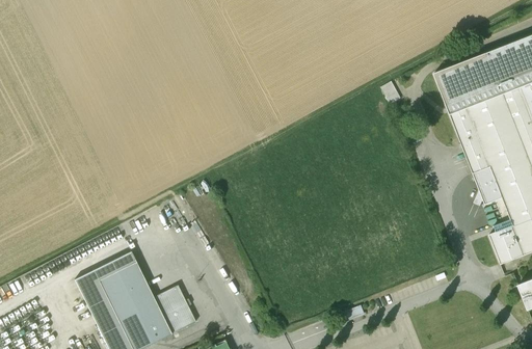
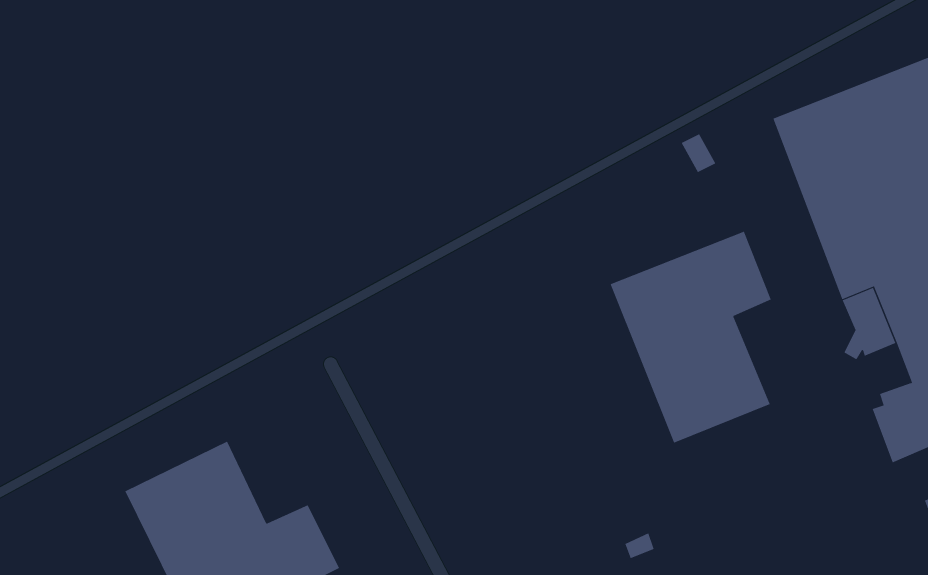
building: none -> [610,231,772,444]

